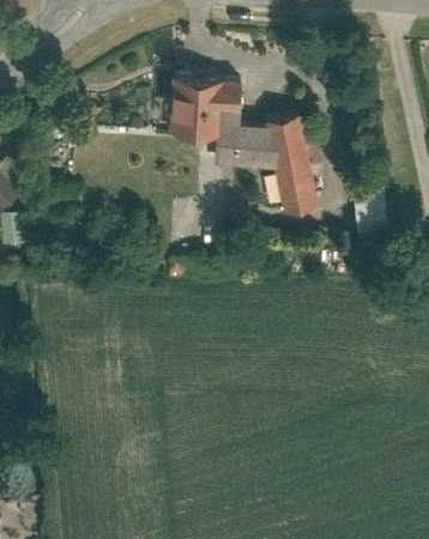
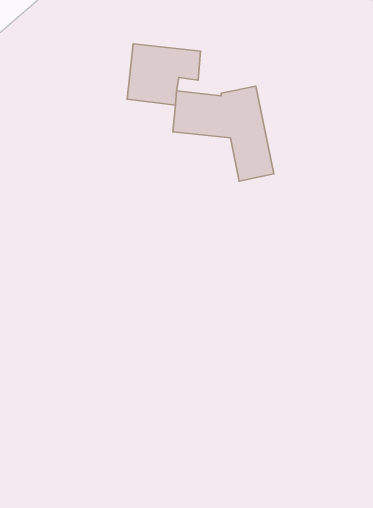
building: [356,198,387,240] -> none

